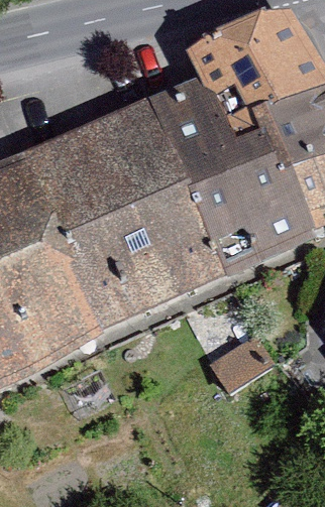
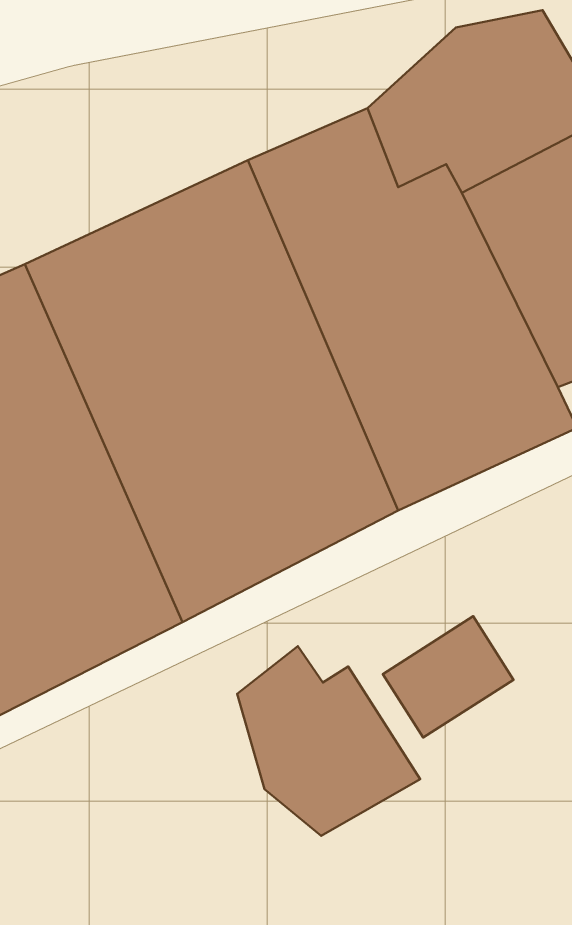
building: none -> [237,646,420,836]

